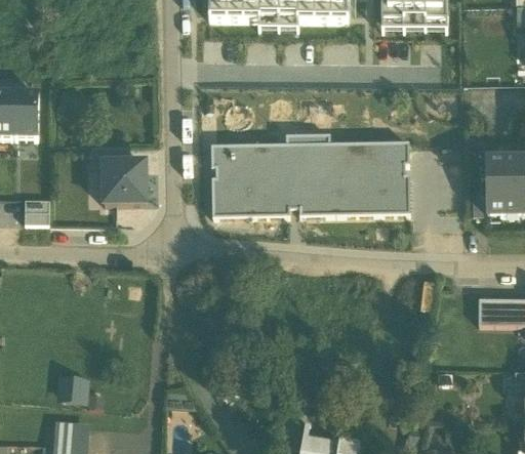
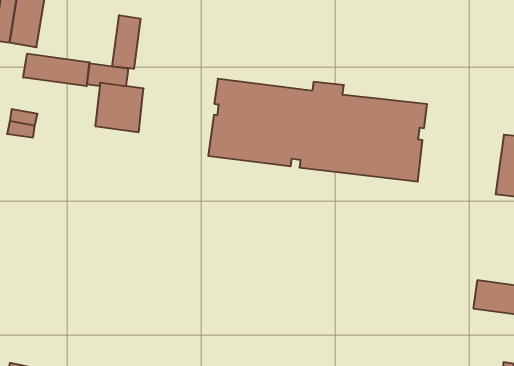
building: none -> [112,15,141,69]
building: none -> [23,54,89,86]
building: [57,372,88,400] -> none

